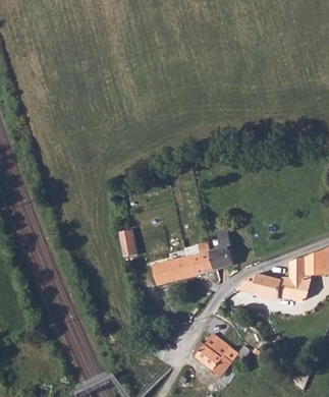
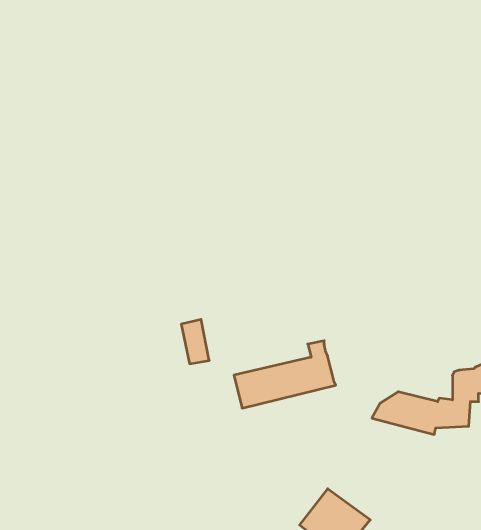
building: [212,226,234,270] -> none

